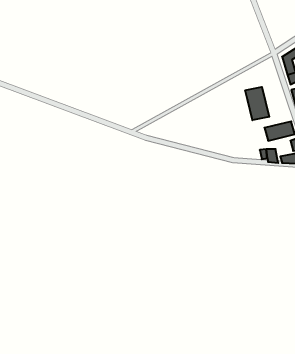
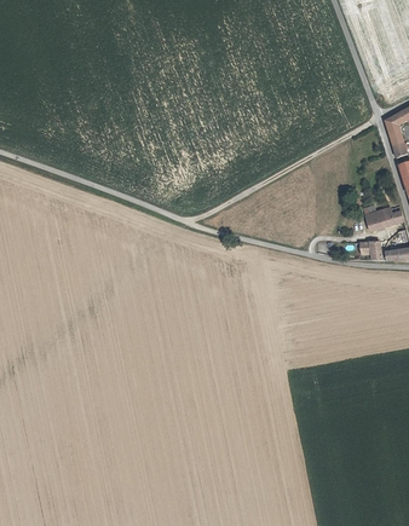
building: [245,87,269,120] -> none

